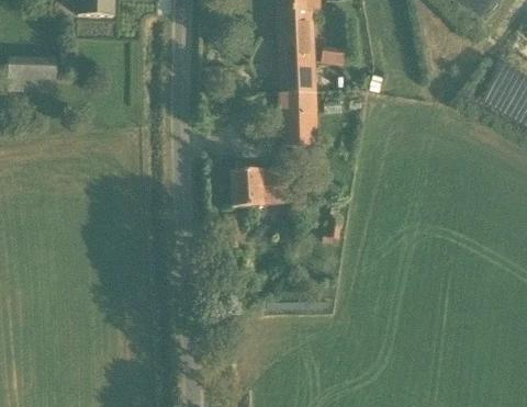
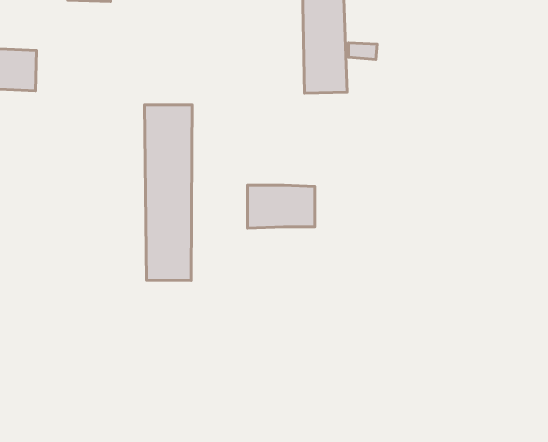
building: [280,91,317,146] -> none
building: none -> [145,105,192,280]

